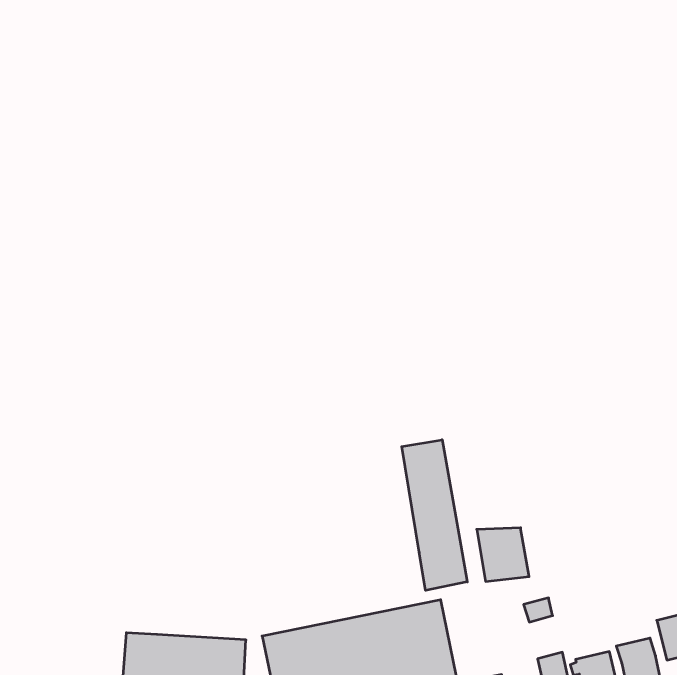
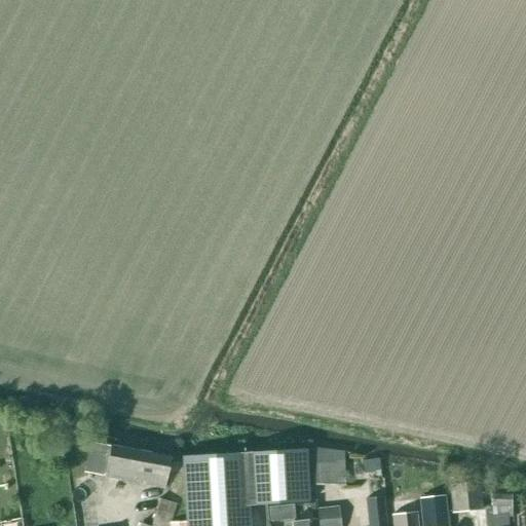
building: [402,440,467,590] -> none
building: [477,528,529,581] -> [315,448,346,485]

